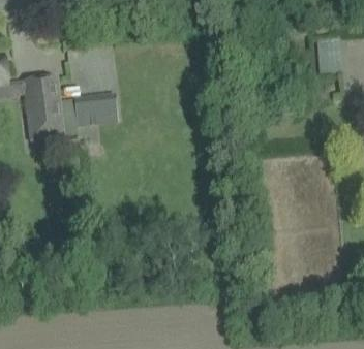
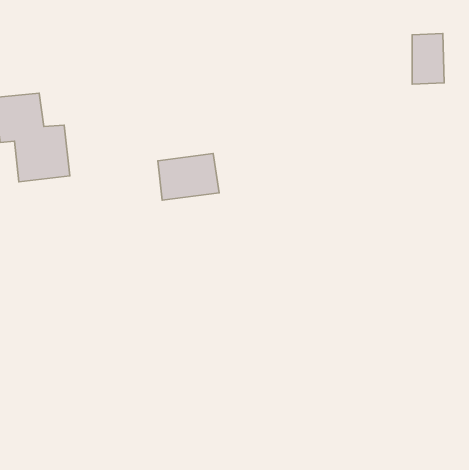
building: [72,92,116,125] -> [158,153,219,200]

